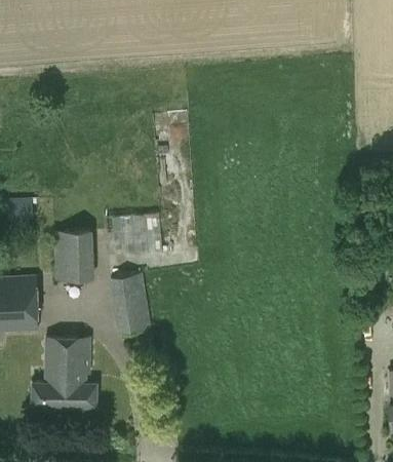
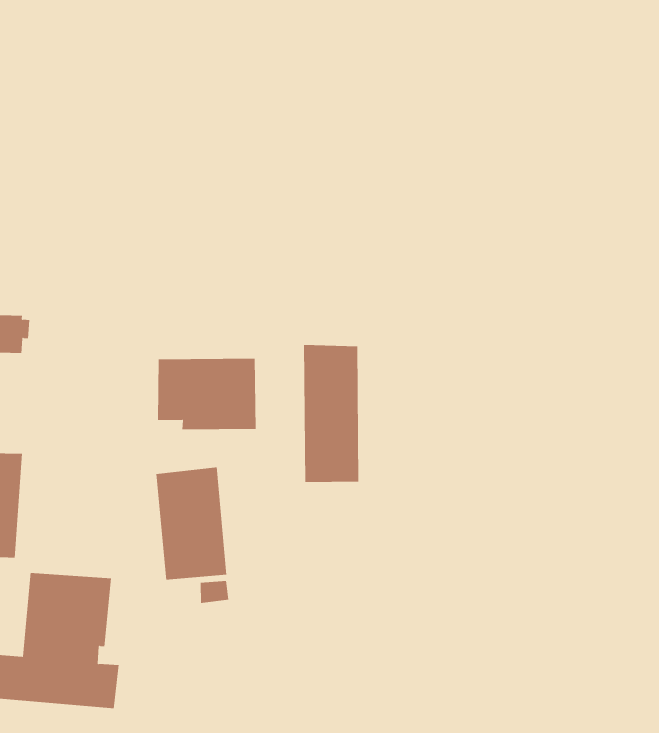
building: none -> [303,344,359,483]
building: [53,231,93,281] -> none

